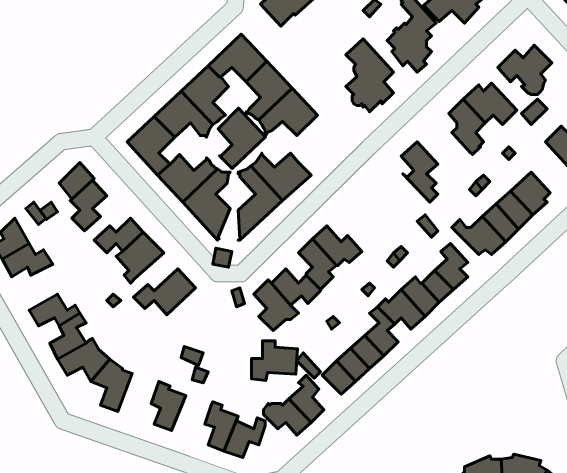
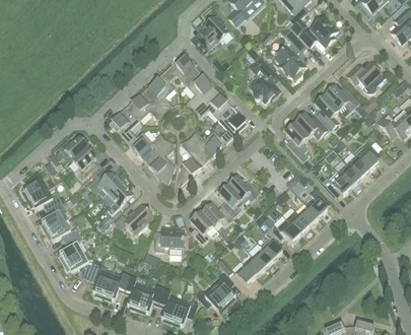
building: [218,108,266,169] -> [217,106,248,144]
building: none -> [294,114,329,138]
building: none -> [41,201,68,230]
building: [252,341,298,381] -> [154,226,184,252]
building: none -> [102,271,129,299]
building: none -> [137,285,163,313]

